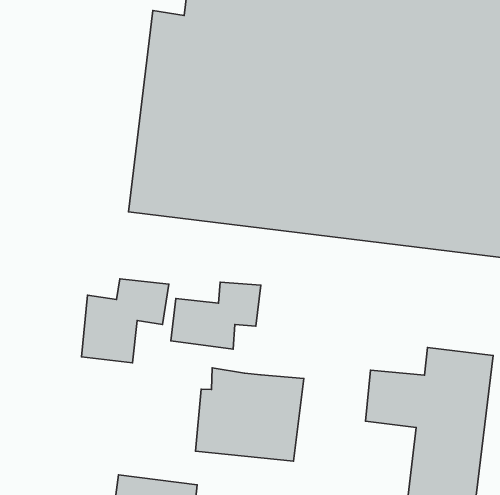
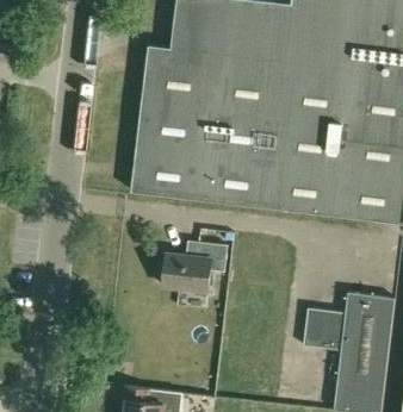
building: [82,279,169,363] -> none
building: [196,368,304,461] -> none

